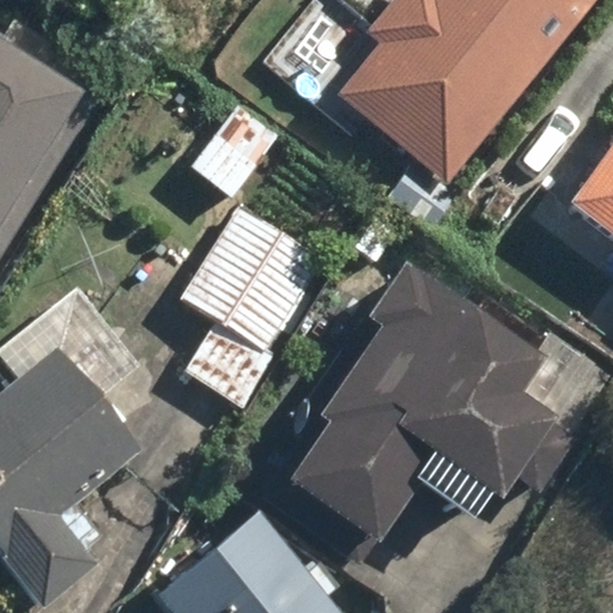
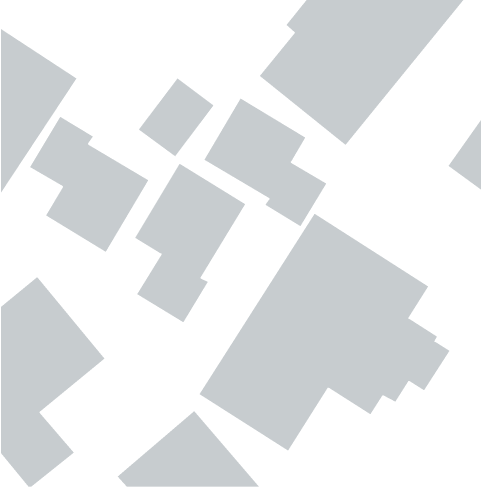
building: none -> [204,98,327,227]
building: none -> [29,116,149,253]

